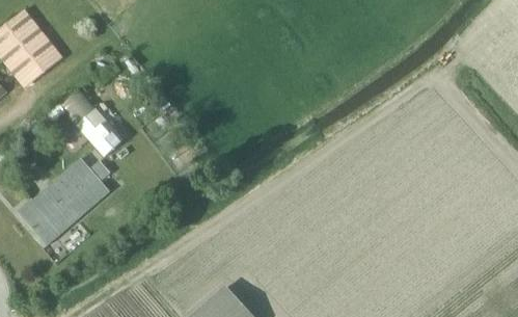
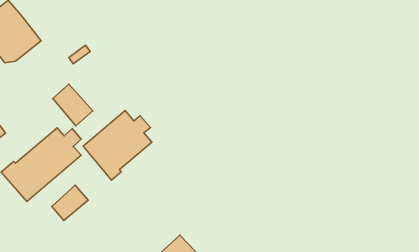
building: none -> [83,111,152,180]
building: none -> [52,185,88,221]

